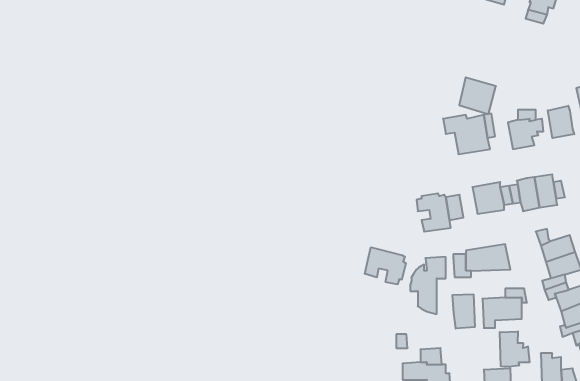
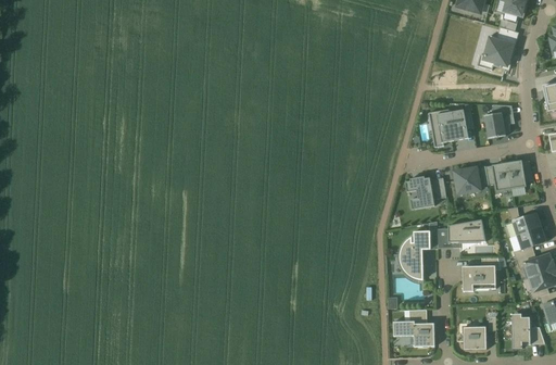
building: [459,77,496,114] -> [482,36,514,67]
building: [548,106,574,138] -> none
building: [365,247,406,284] -> none
building: [452,294,475,329] -> none
building: [500,331,529,367] -> none

